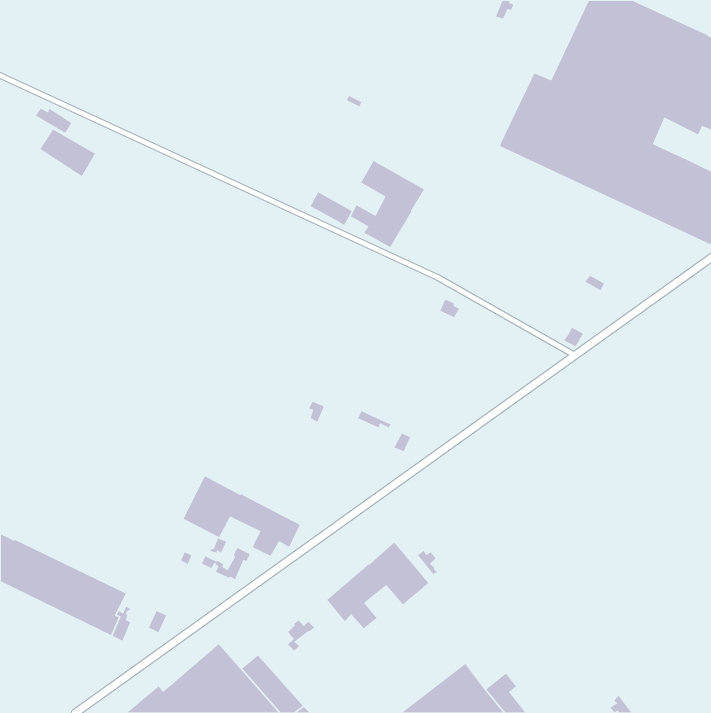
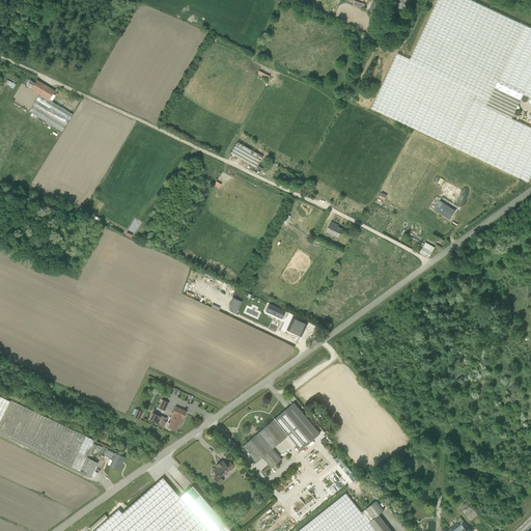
building: none -> [487,88,521,118]
building: [350,160,425,248] -> none
building: [182,475,301,557] -> none

